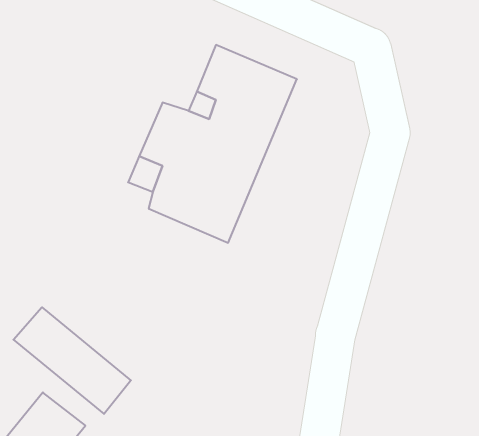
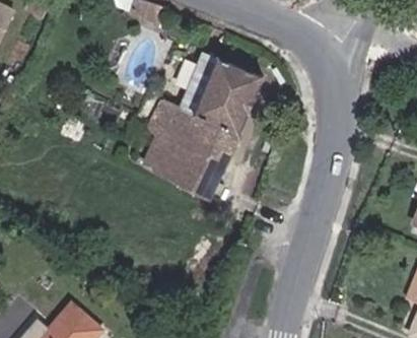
building: [13,307,131,414] -> none

